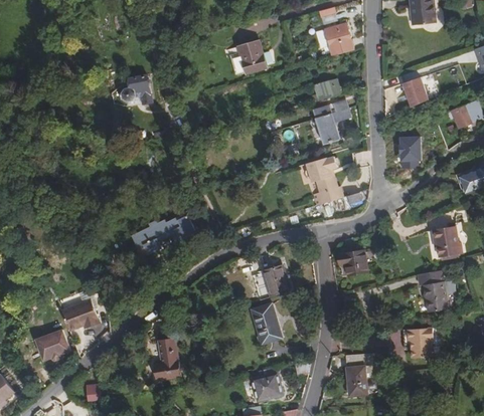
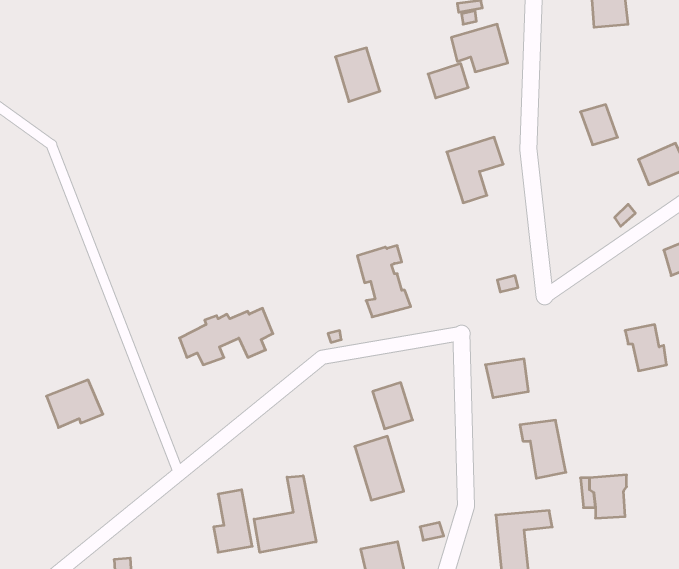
building: [122,76,150,103] -> none
building: [313,78,340,101] -> [428,64,468,98]
building: [400,136,421,168] -> none
building: [306,157,342,205] -> [357,246,411,317]
building: [417,272,448,311] -> [520,420,566,478]
building: [60,303,99,336] -> [46,380,103,428]
building: none -> [254,476,316,552]
building: [35,334,69,365] -> none

